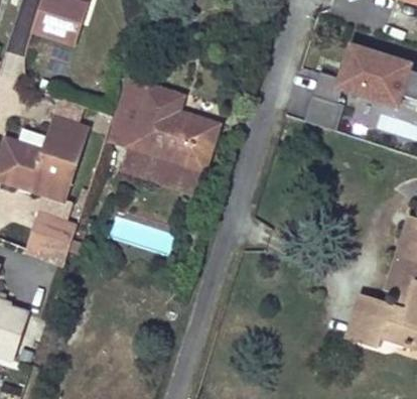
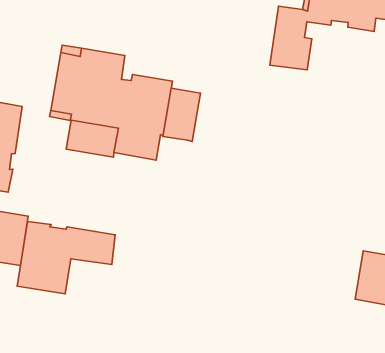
building: none -> [163,88,200,141]
building: none -> [17,222,115,294]

